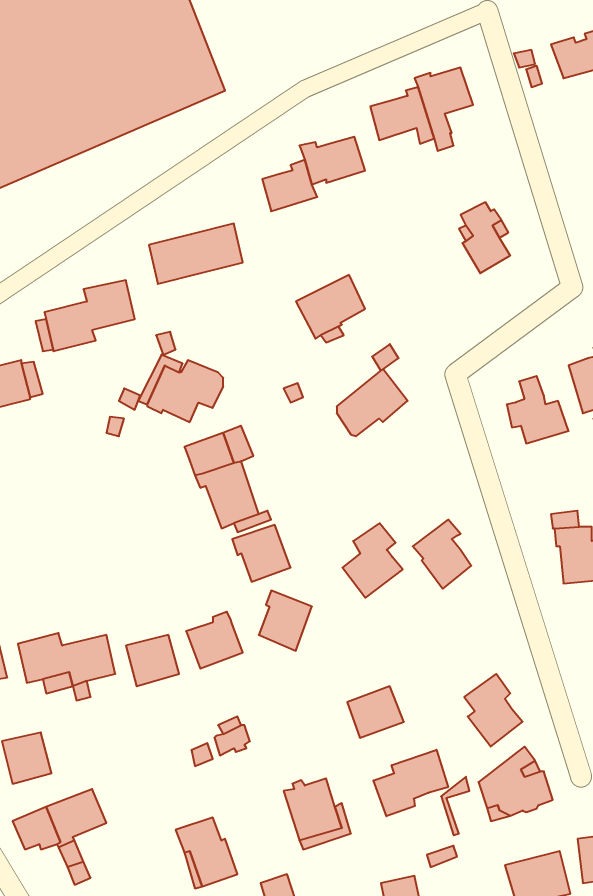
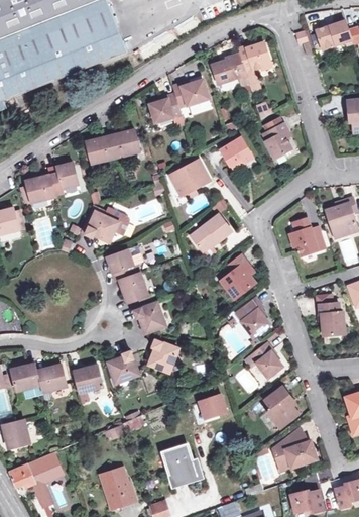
building: none -> [220,135,253,165]
building: [342,523,403,598] -> [221,255,255,298]
building: none -> [254,344,283,379]
building: [373,750,448,816] -> none

